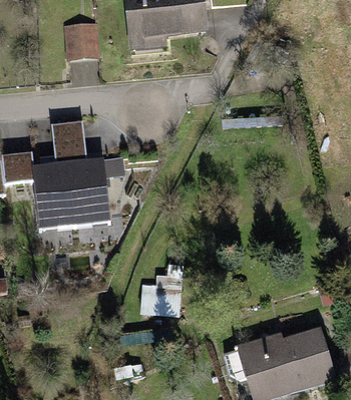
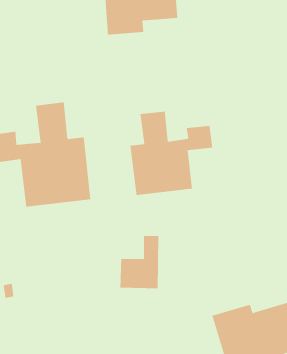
building: [62,24,98,57] -> none
building: none -> [130,111,213,196]

